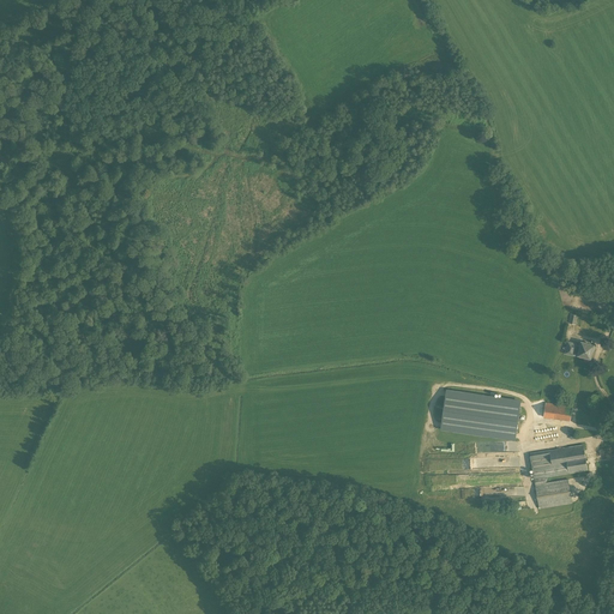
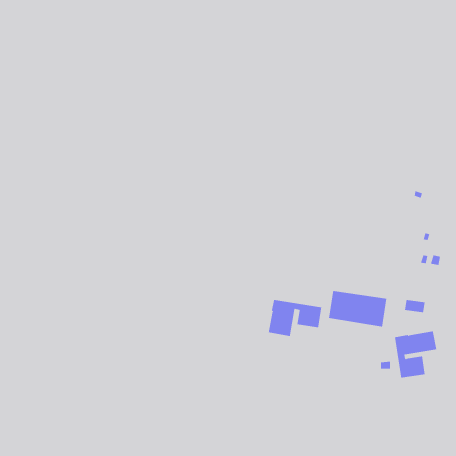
building: none -> [268,299,322,337]

